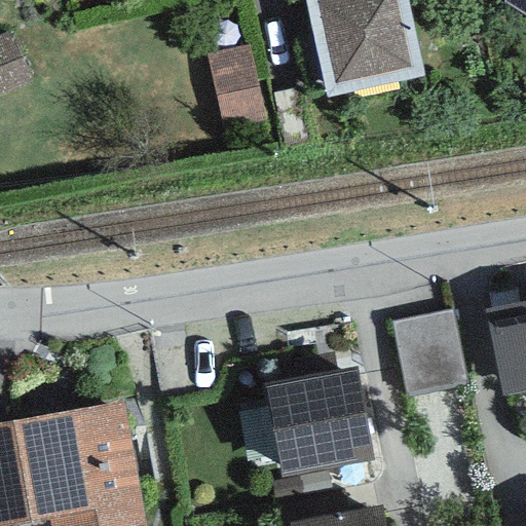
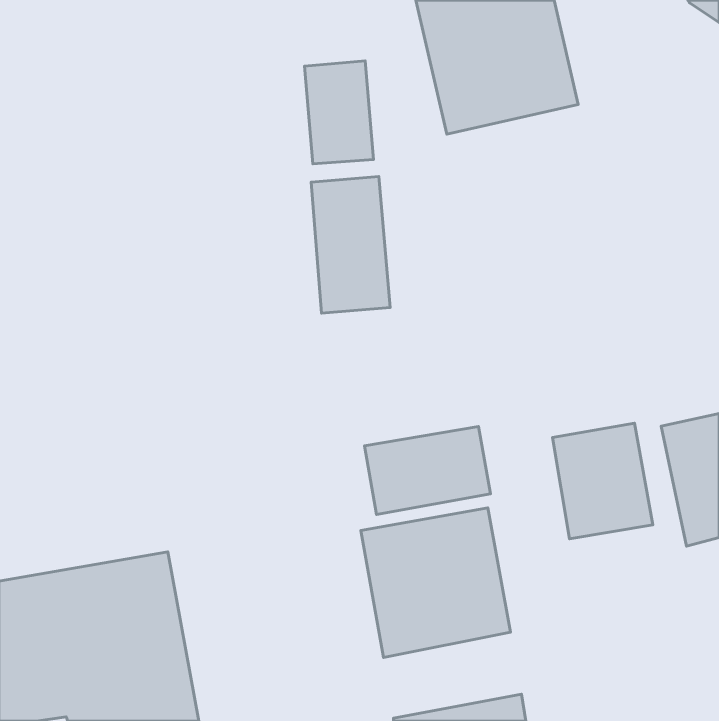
building: none -> [311,177,390,313]
building: none -> [364,426,490,514]

